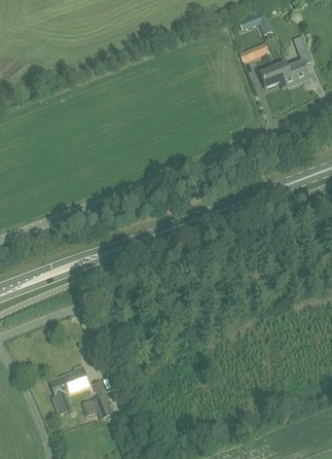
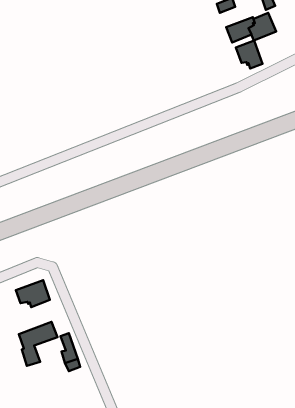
building: none -> [236,40,263,69]
building: none -> [16,280,50,307]

